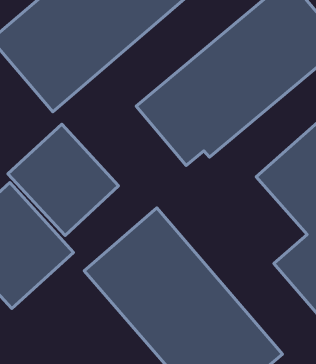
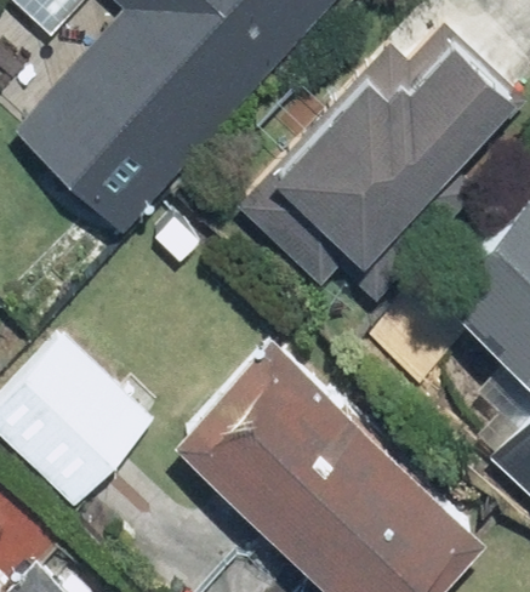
building: [8,124,118,235] -> none

